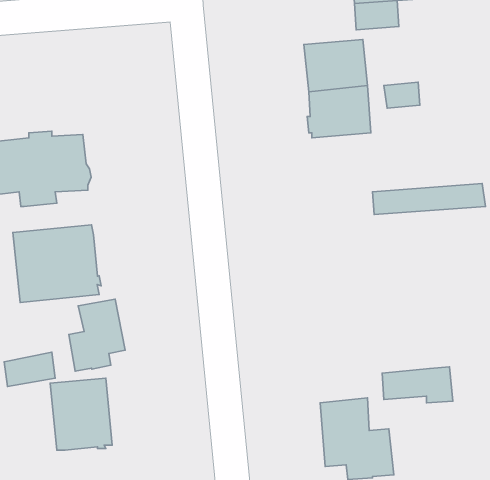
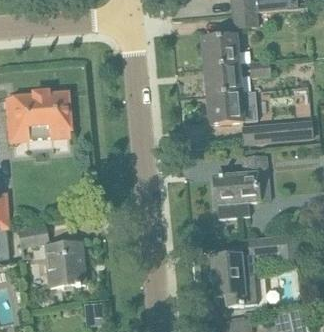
building: none -> [206,91,245,122]
building: [13,225,101,303] -> none
building: none -> [214,155,268,217]
building: [69,299,125,371] -> none

